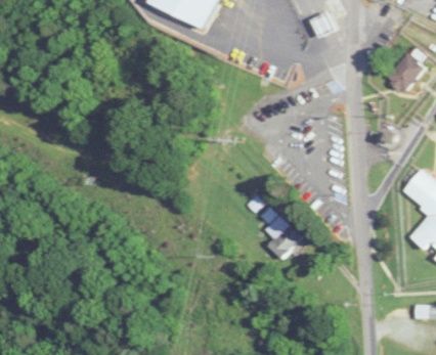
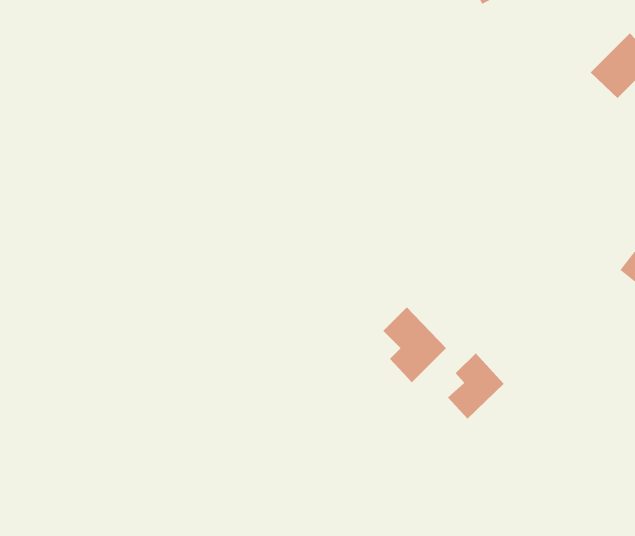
building: none -> [447,352,505,420]

